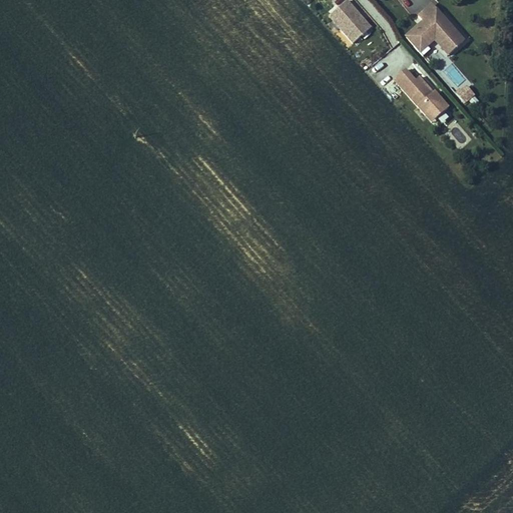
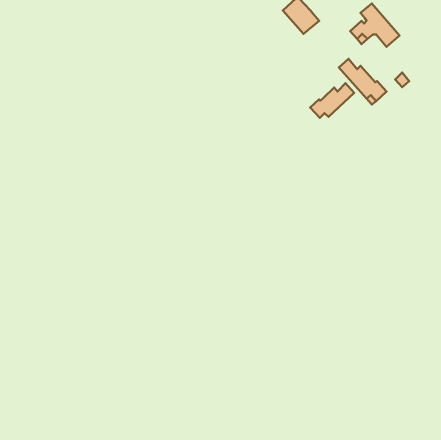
building: none -> [310,83,354,118]

